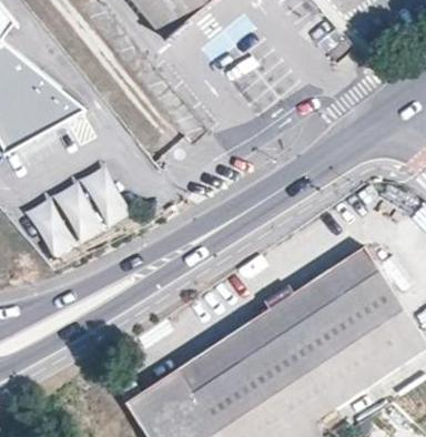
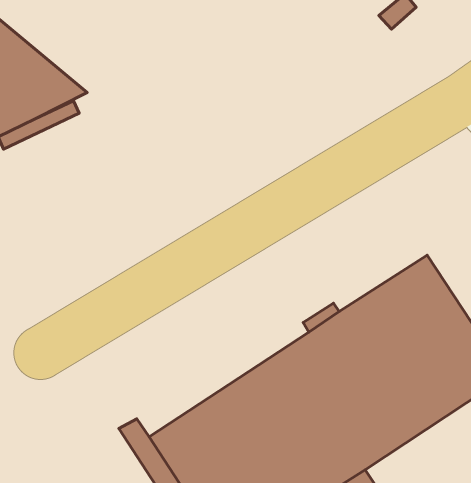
building: [27,172,132,260] -> none

